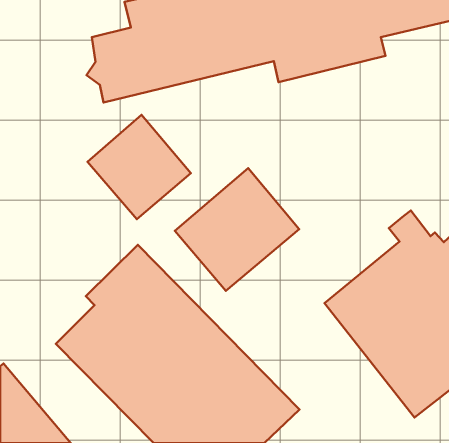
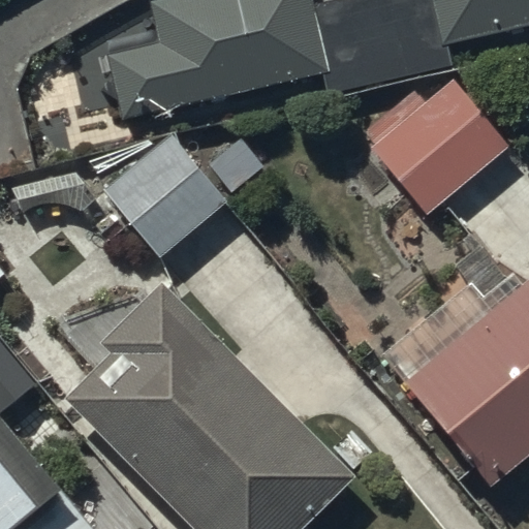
building: none -> [367,80,507,214]
building: [175,168,299,291] -> none

